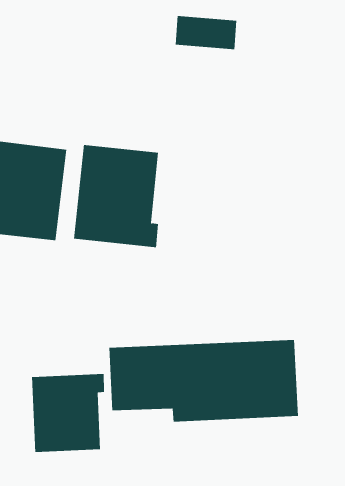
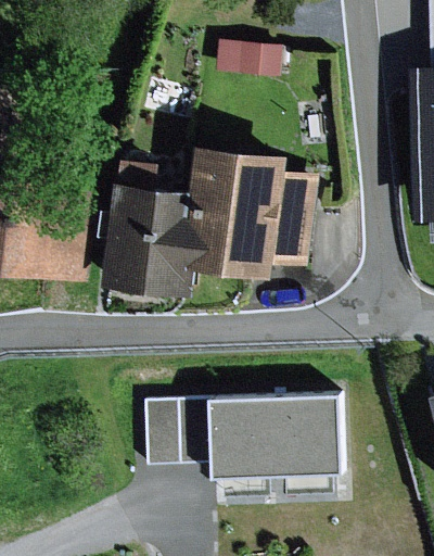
building: none -> [190,148,319,275]
building: [32,373,104,453] -> none

